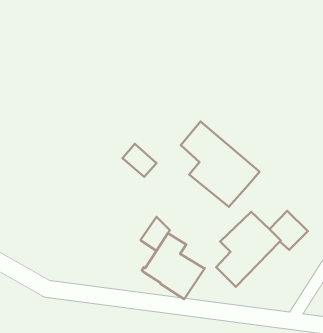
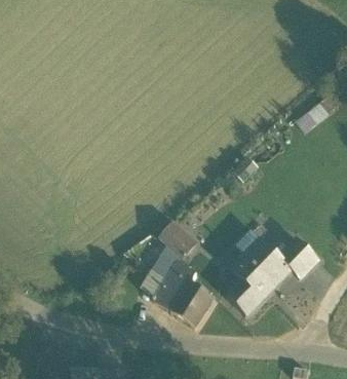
building: [181,121,259,207] -> none
building: [123,144,157,177] -> [159,222,193,255]

